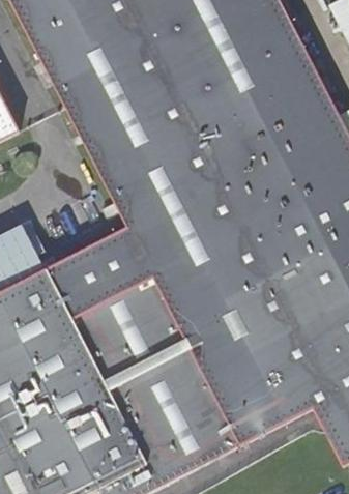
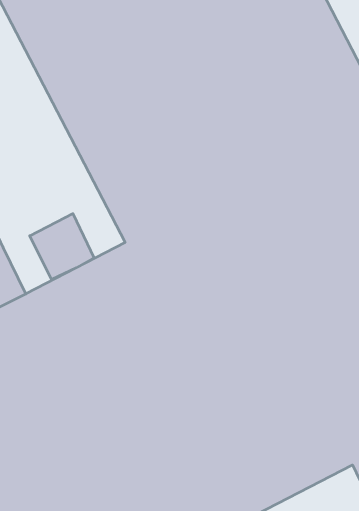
building: none -> [30,214,94,280]

